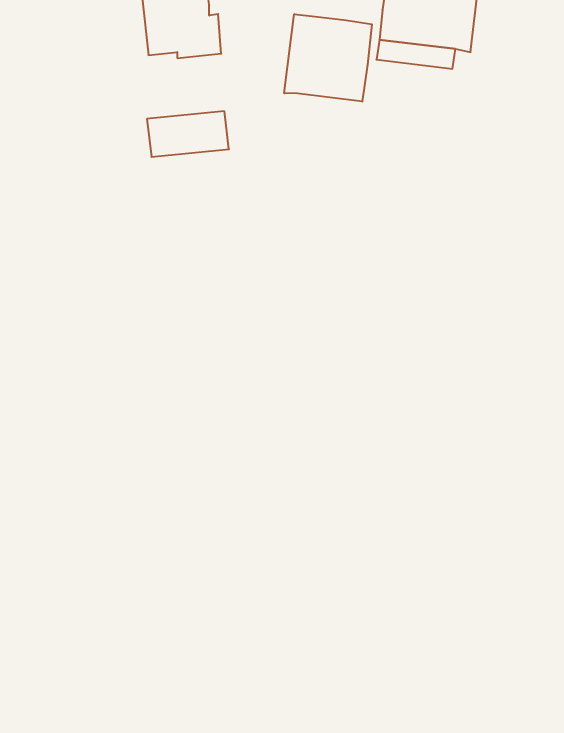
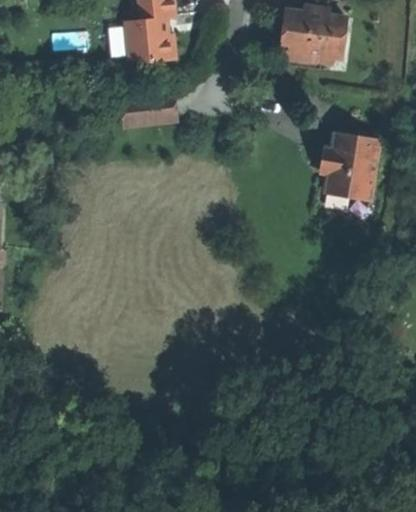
building: [284,14,372,102] -> none
building: none -> [323,133,381,199]

